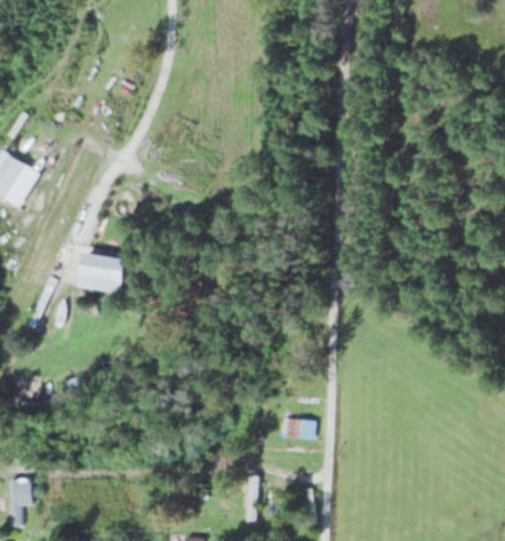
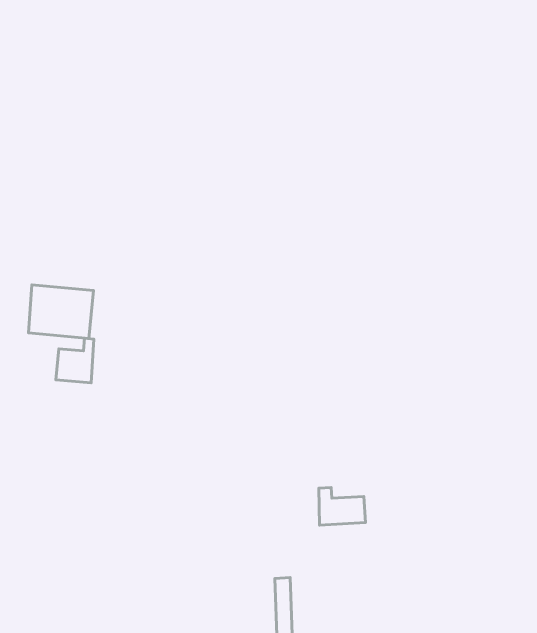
building: none -> [56,338,94,383]

